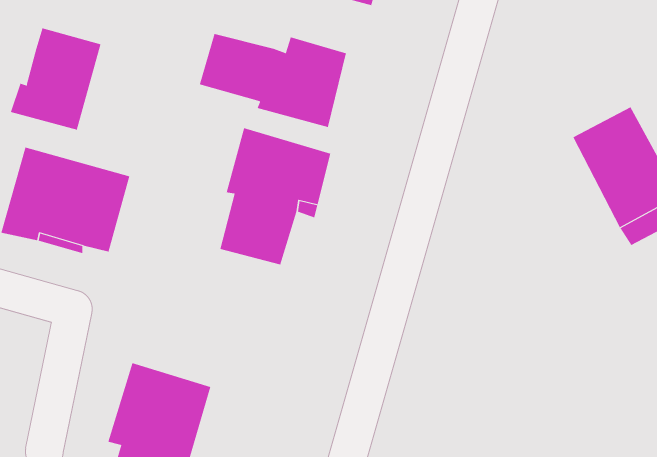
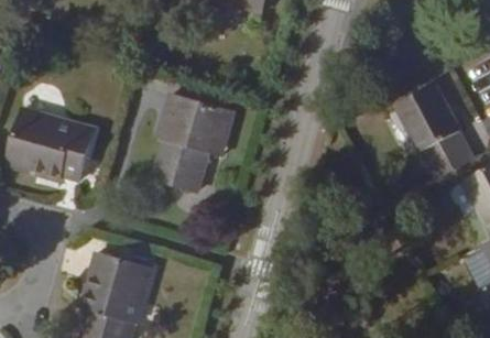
building: [10,27,101,131] -> none
building: [199,33,347,128] -> none

